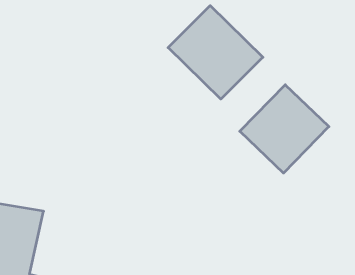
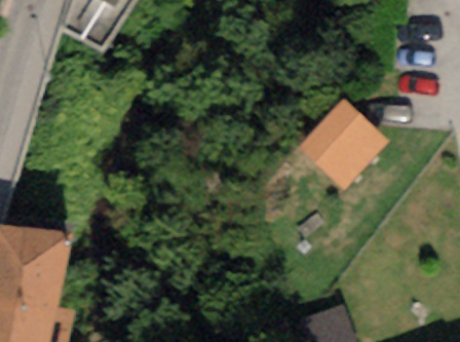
building: [168,6,263,99] -> none

